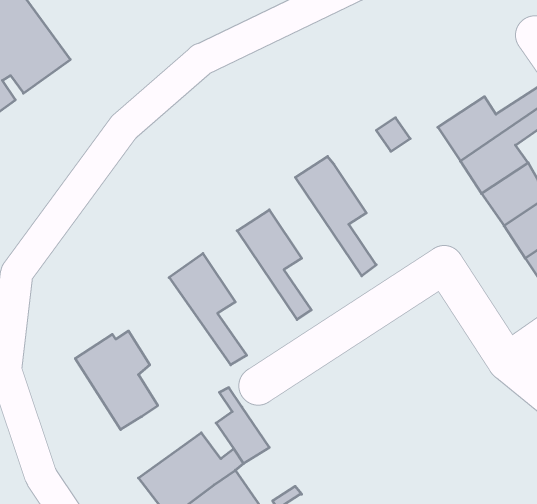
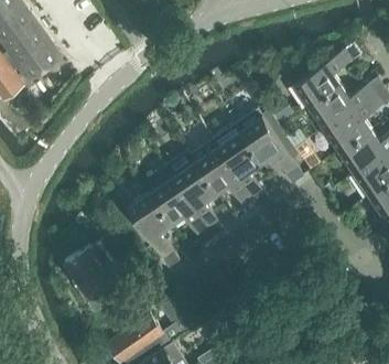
building: none -> [295,43,364,106]
building: none -> [240,116,304,184]
building: none -> [192,140,259,215]
building: none -> [151,176,215,245]

